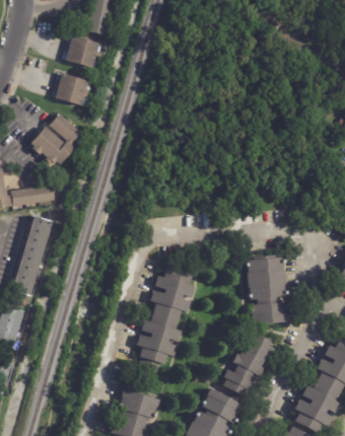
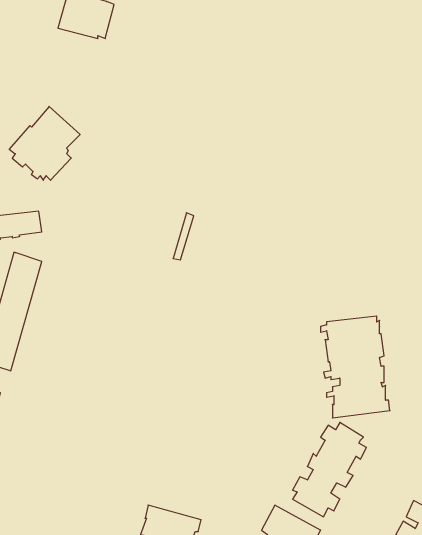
building: [53,72,92,104] -> none
building: [136,268,193,373] -> none

